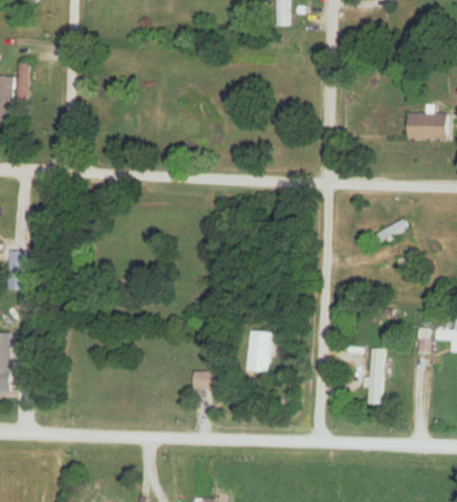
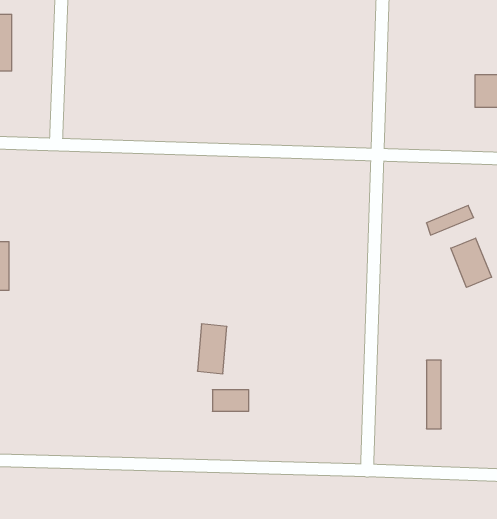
building: none -> [451,238,492,287]
building: [246,331,270,372] -> [197,324,227,374]

